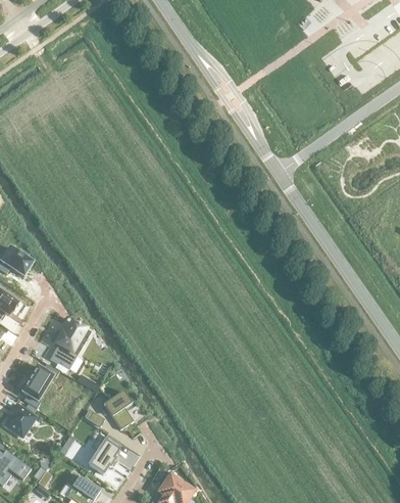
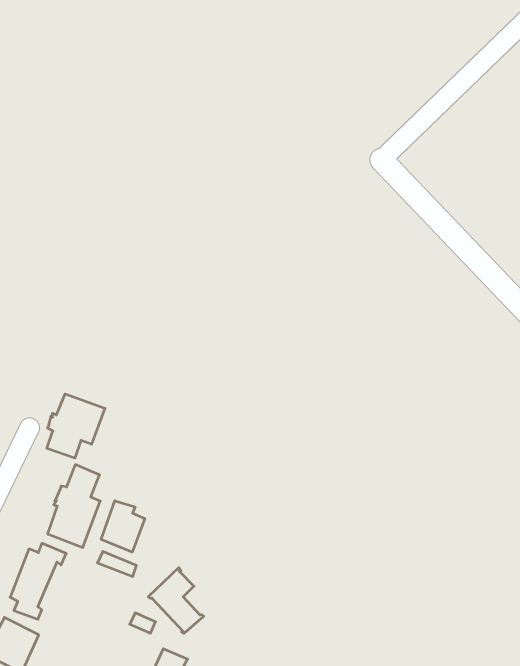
building: none -> [47,394,105,458]
building: none -> [101,501,145,552]

